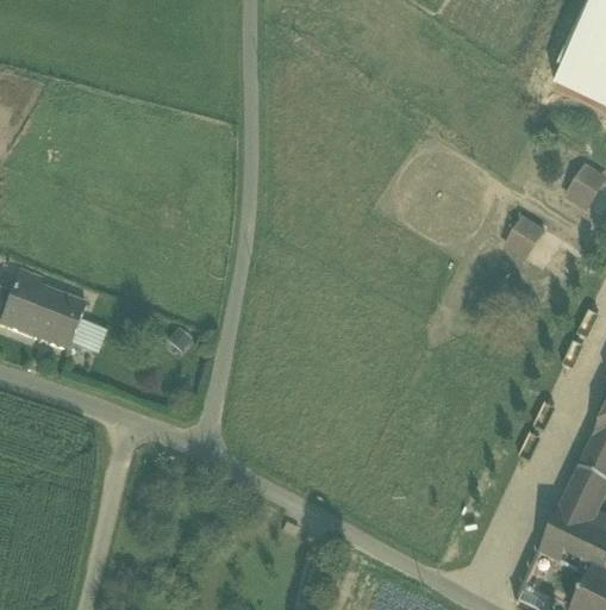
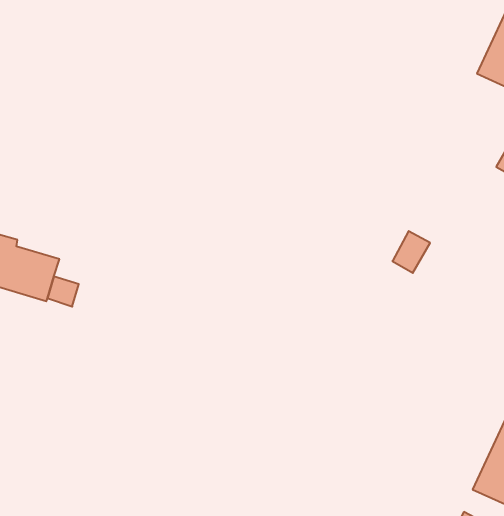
building: [505,213,546,260] -> [392,231,430,273]

